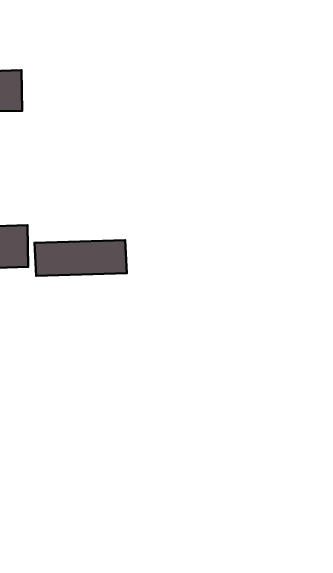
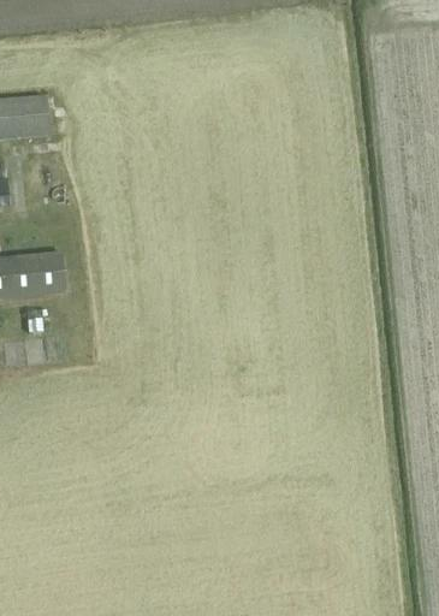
building: [35,240,127,276] -> none

